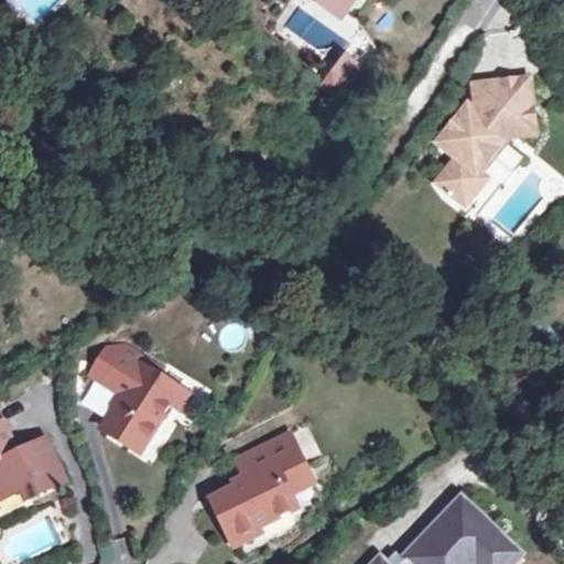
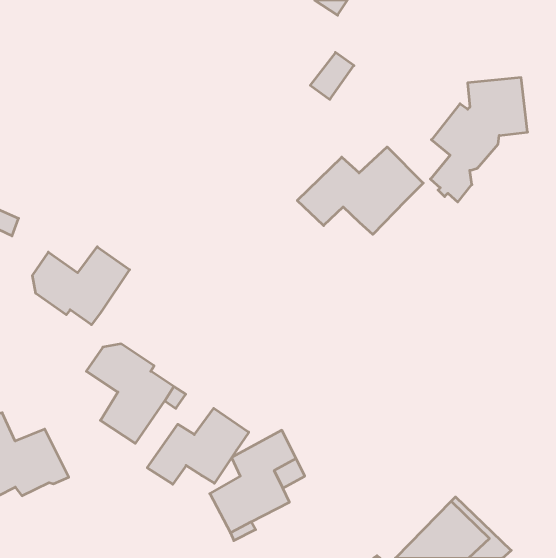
building: none -> [297,147,423,234]
building: none -> [32,247,130,325]
building: none -> [147,408,249,484]

